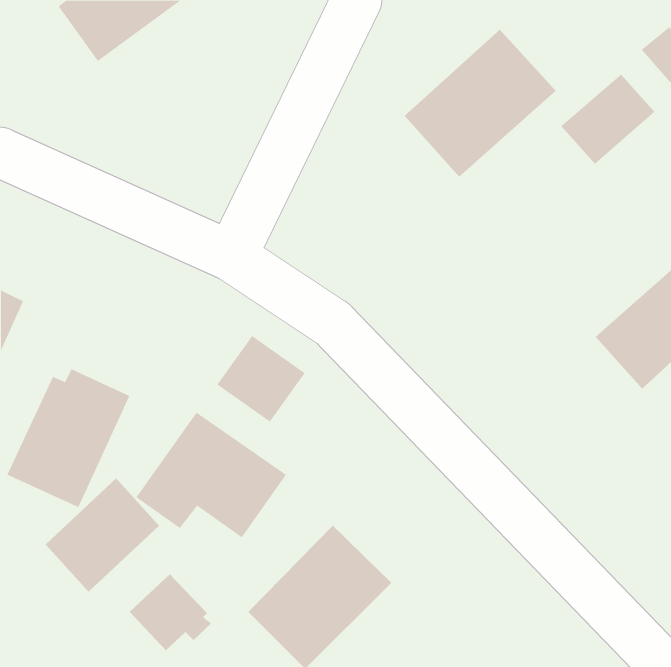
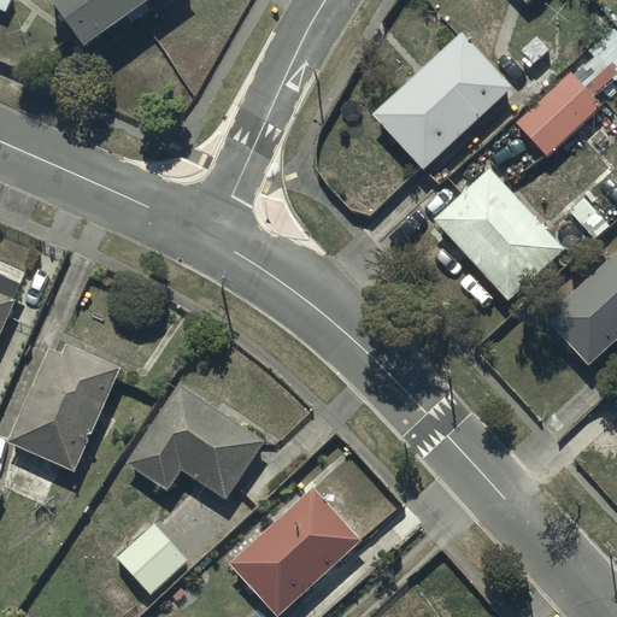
building: none -> [431,165,564,300]
building: [216,335,306,422] -> none
building: [45,478,160,593] -> none

